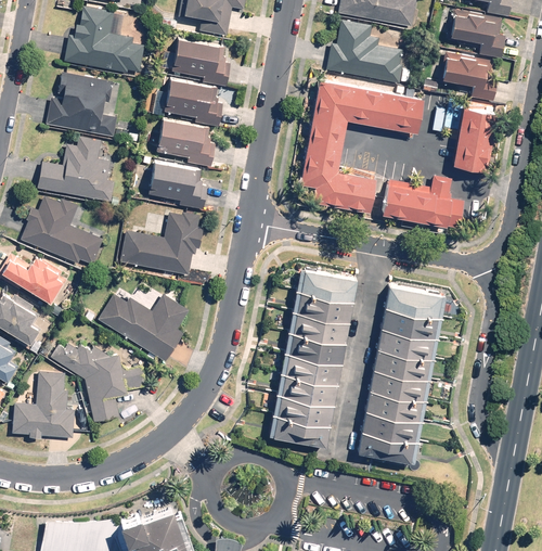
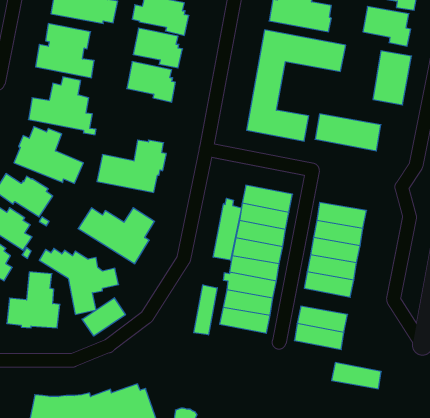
building: [149,161,207,209] -> none
building: none -> [213,198,241,260]
building: none -> [194,285,217,335]
building: [365,390,425,422] -> [332,363,381,389]
building: none -> [82,298,125,336]

